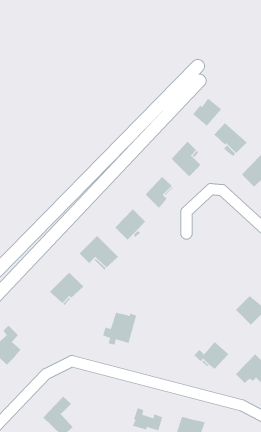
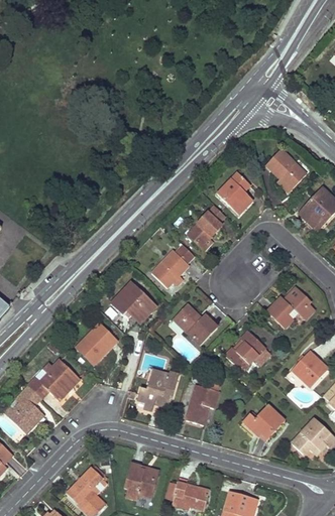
building: [192,98,222,127] -> none
building: none -> [266,287,313,328]
building: none -> [174,304,217,344]
building: none -> [225,330,269,371]
building: none -> [28,360,79,400]
building: none -> [187,379,218,423]
building: none -> [124,463,158,499]

